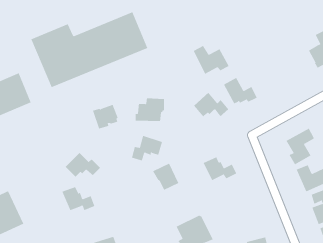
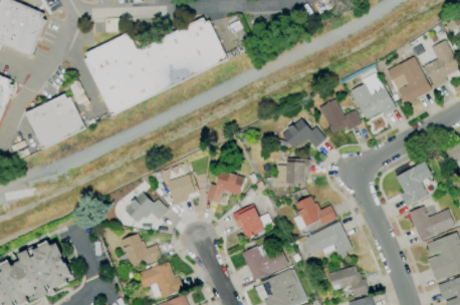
building: none -> [387,57,432,104]
building: [193,45,229,74] -> [352,83,397,119]
building: [135,98,165,122] -> [273,159,310,188]
building: [92,104,119,129] -> [167,174,200,205]
building: none -> [305,222,353,256]
building: none -> [242,246,289,280]
building: none -> [139,262,184,298]
building: none -> [328,266,370,297]

